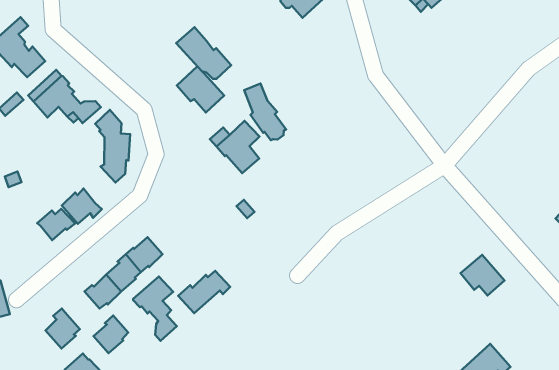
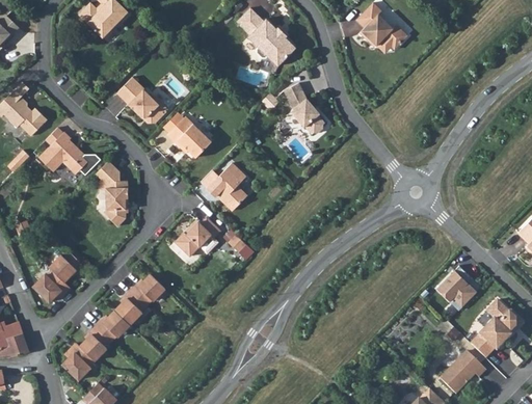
building: [176,27,231,79] -> [116,77,167,123]
building: [244,83,286,140] -> [284,82,324,133]
building: [62,189,102,224] -> [33,269,70,301]
building: [178,271,230,313] -> [174,216,220,255]
building: [133,276,177,341] -> none
building: none -> [471,299,516,358]
building: [94,316,128,353] -> [79,326,110,360]

